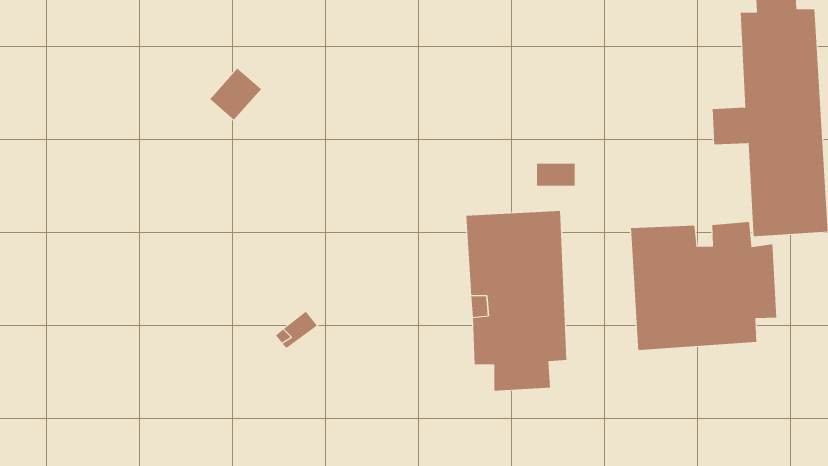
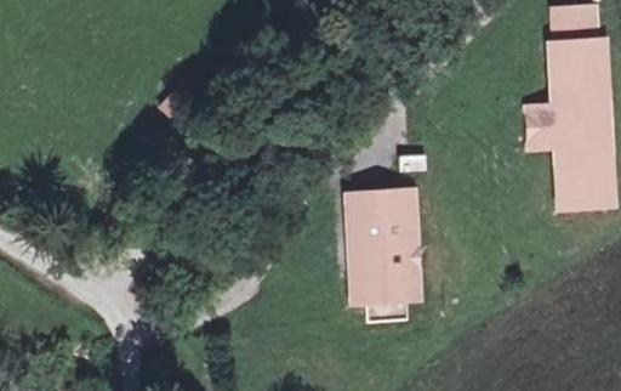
building: [631,221,777,351] -> none

